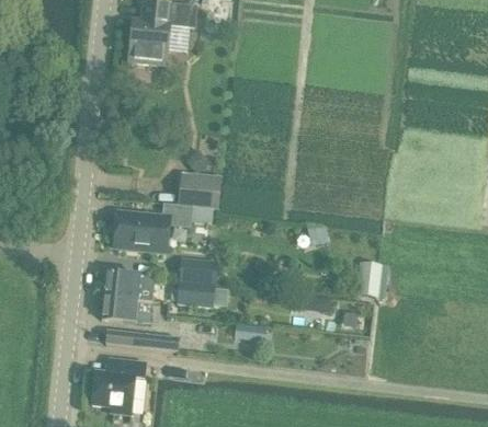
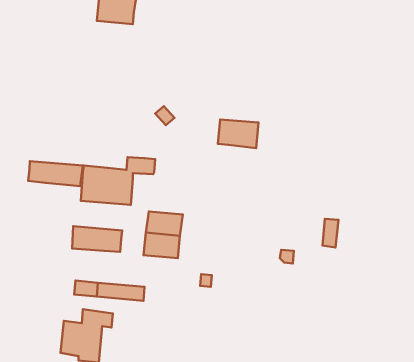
building: [179,177,220,207] -> [218,119,258,148]
building: none -> [28,161,83,186]
building: [102,296,137,321] -> none

